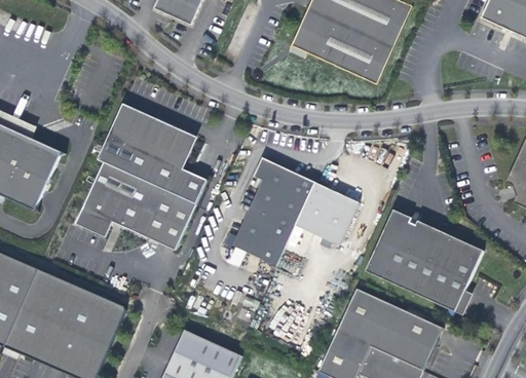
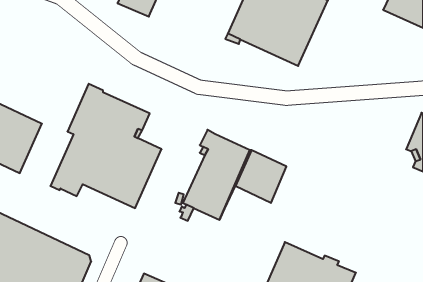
building: [366,212,483,313] -> none

